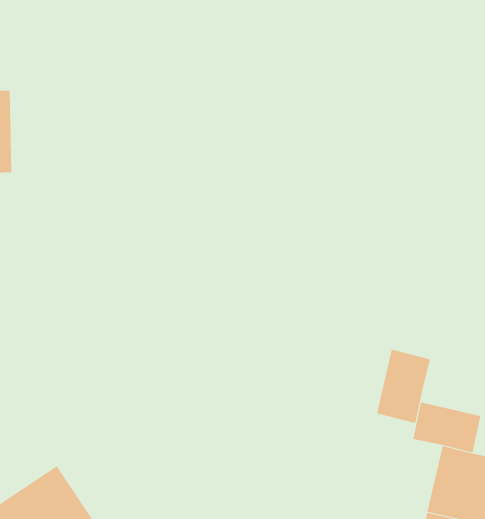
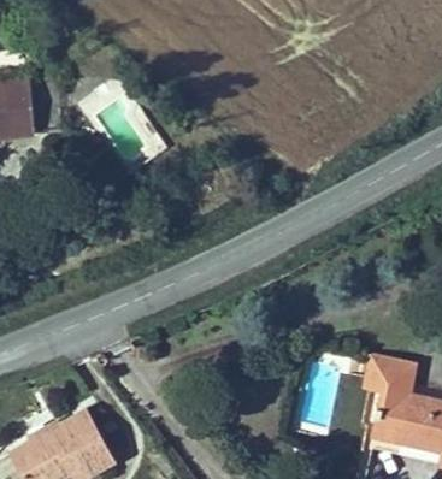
building: [376,349,431,424] -> none

